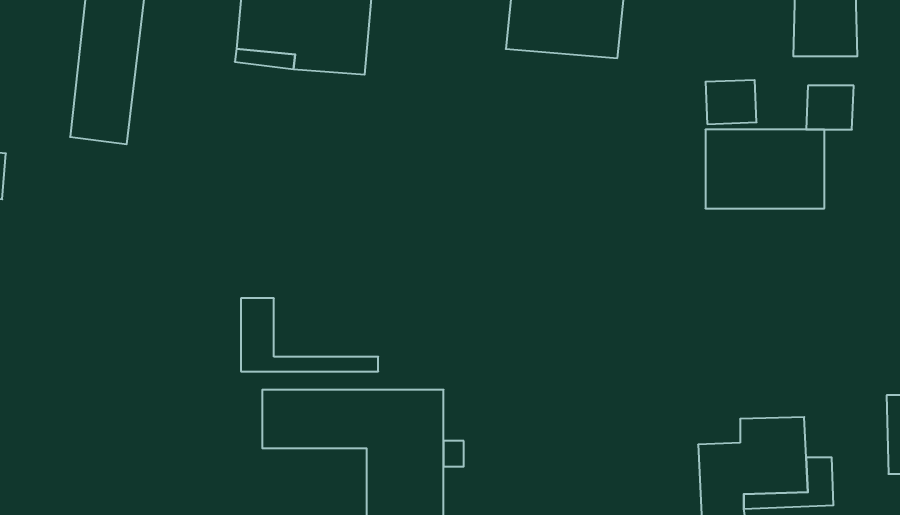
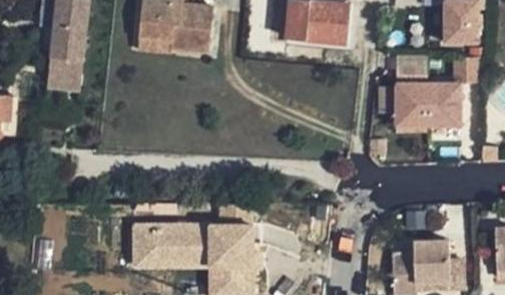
building: [241,298,378,371] -> [134,225,209,265]

